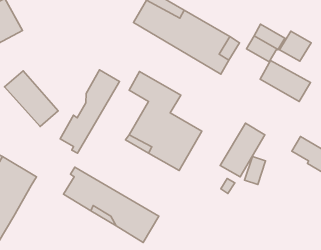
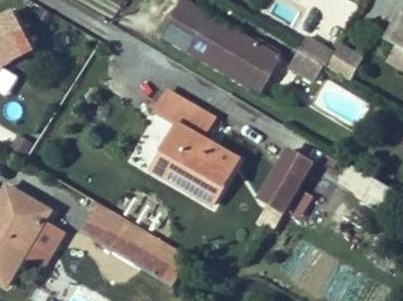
building: [260,60,310,102] -> none
building: [60,70,120,153] -> none
building: [4,71,58,127] -> none
building: none -> [23,221,62,267]

